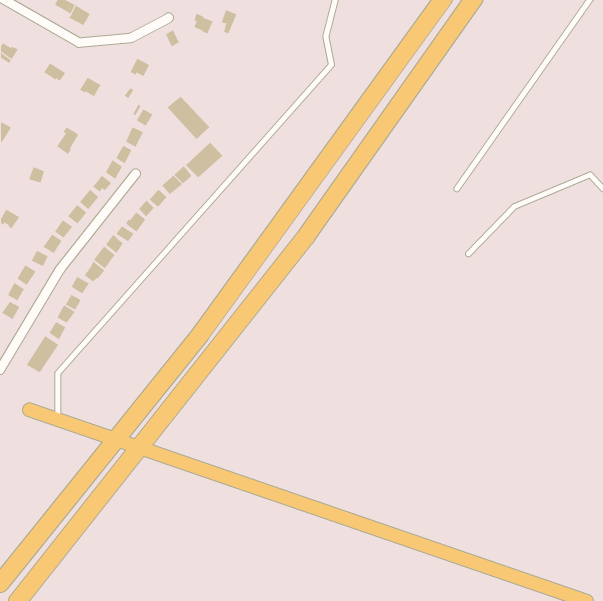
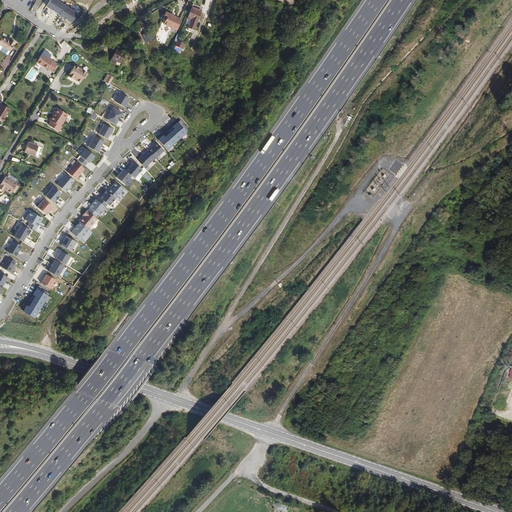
building: [167,96,210,140] -> none

